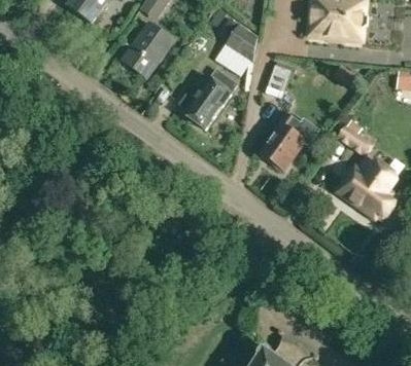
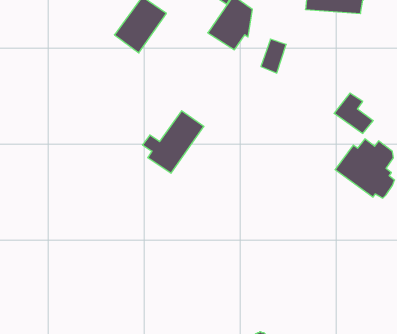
building: [178,68,238,129] -> [142,111,204,173]
building: [261,111,319,169] -> none

